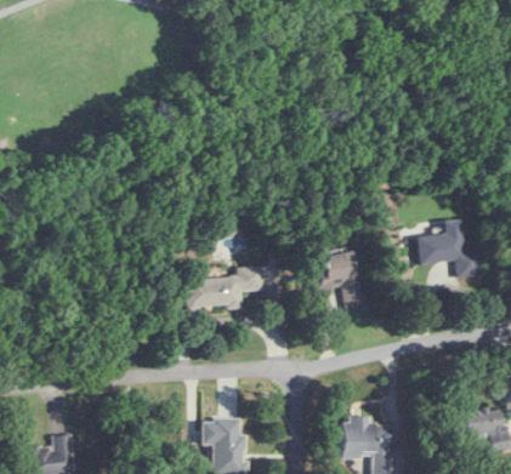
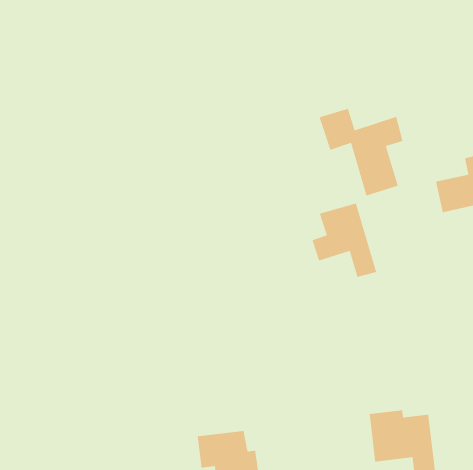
building: none -> [318,108,403,196]
building: [187,265,263,308] -> none

